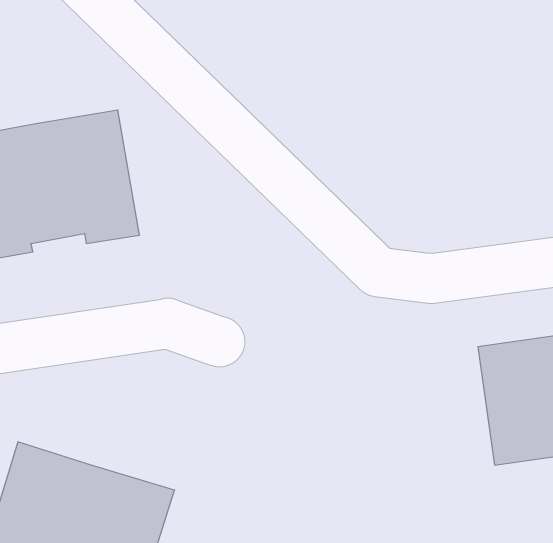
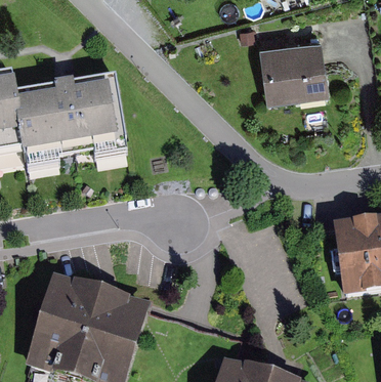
building: none -> [257,34,327,97]

